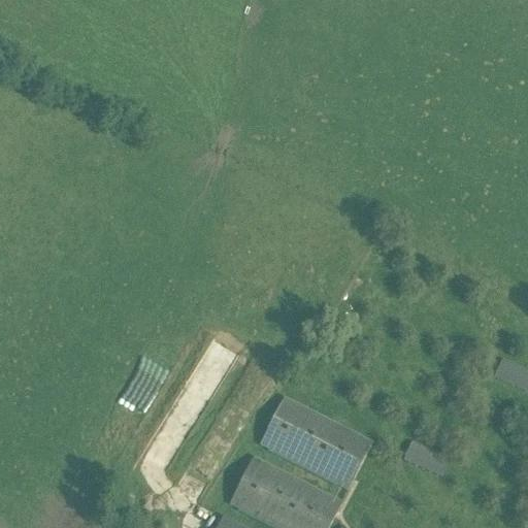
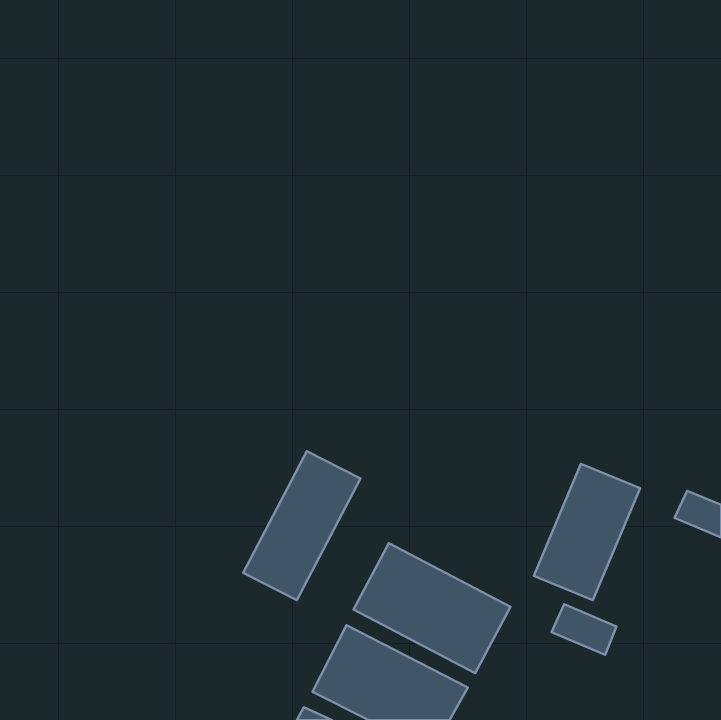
building: none -> [243,451,360,600]
building: none -> [534,464,640,600]

